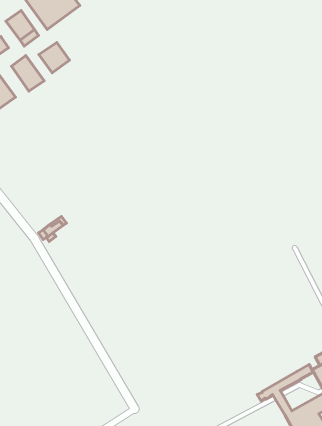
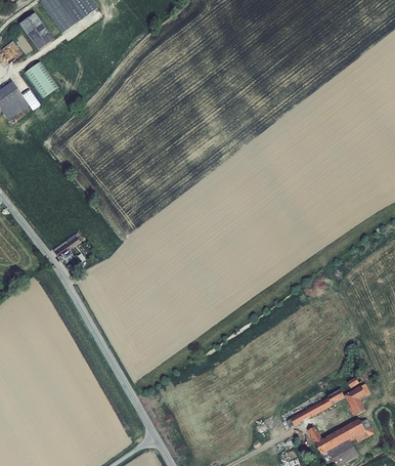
building: [39,43,69,73] -> none

